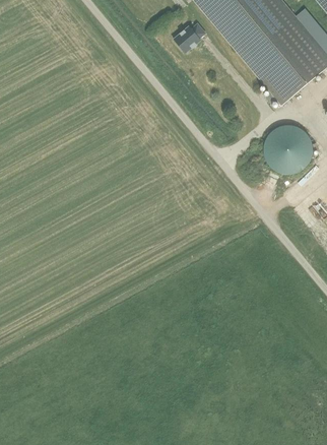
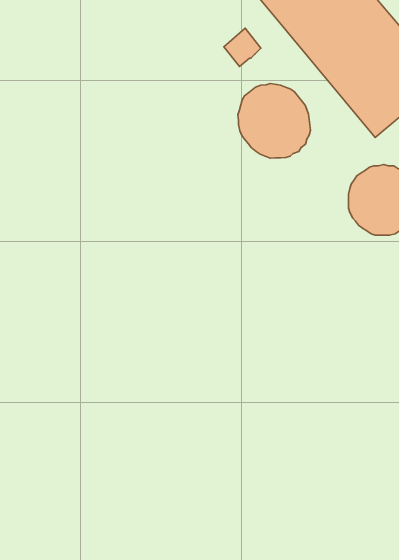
building: none -> [238,83,311,158]

